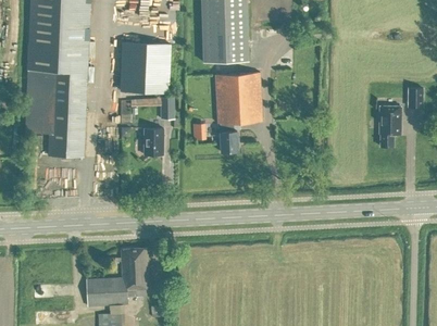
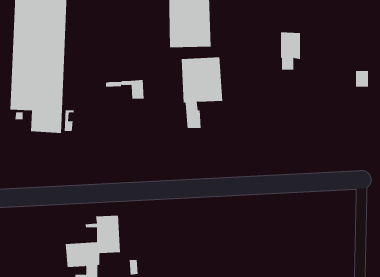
building: [120,42,170,95] -> none
building: [378,105,401,148] -> [280,32,301,70]
building: [143,128,164,155] -> none

